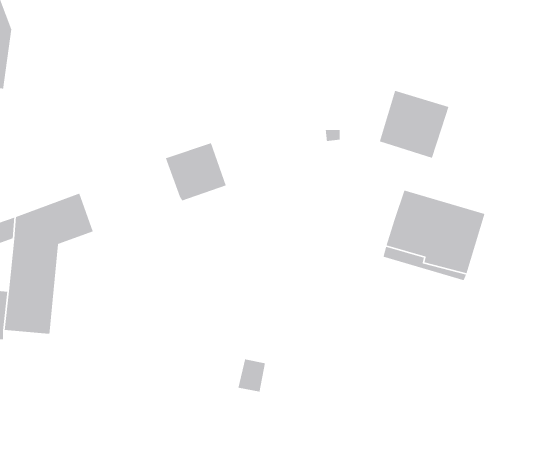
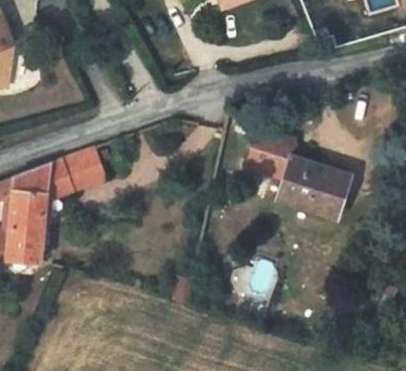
building: [379,90,449,159] -> [246,129,296,178]
building: [165,142,227,201] -> [60,148,105,191]

